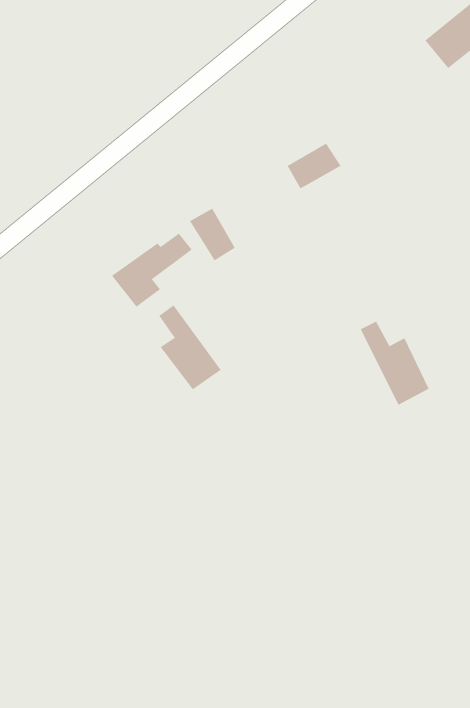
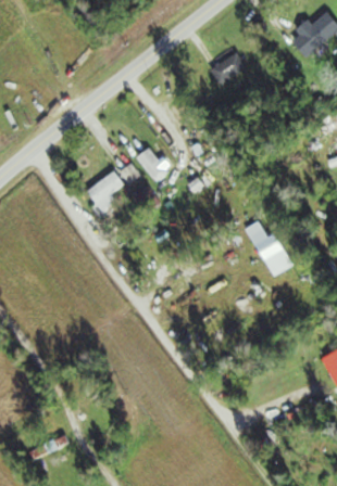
building: [287,143,342,189] -> [210,54,246,85]
building: [159,305,221,390] -> none

